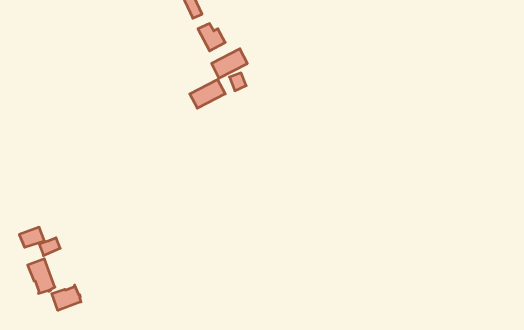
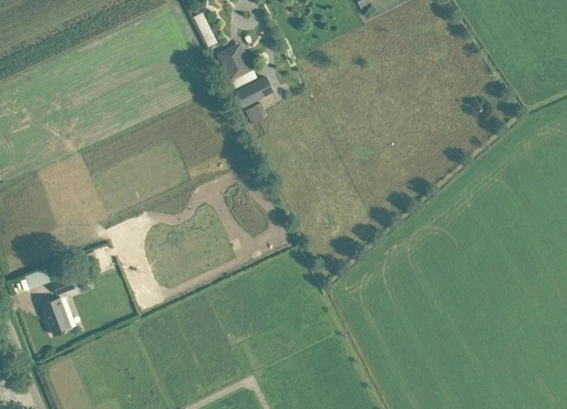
building: [190,80,225,108] -> none
building: [52,285,81,310] -> none

